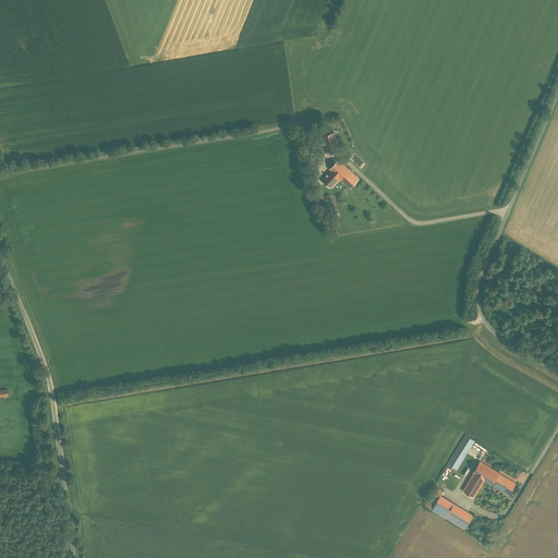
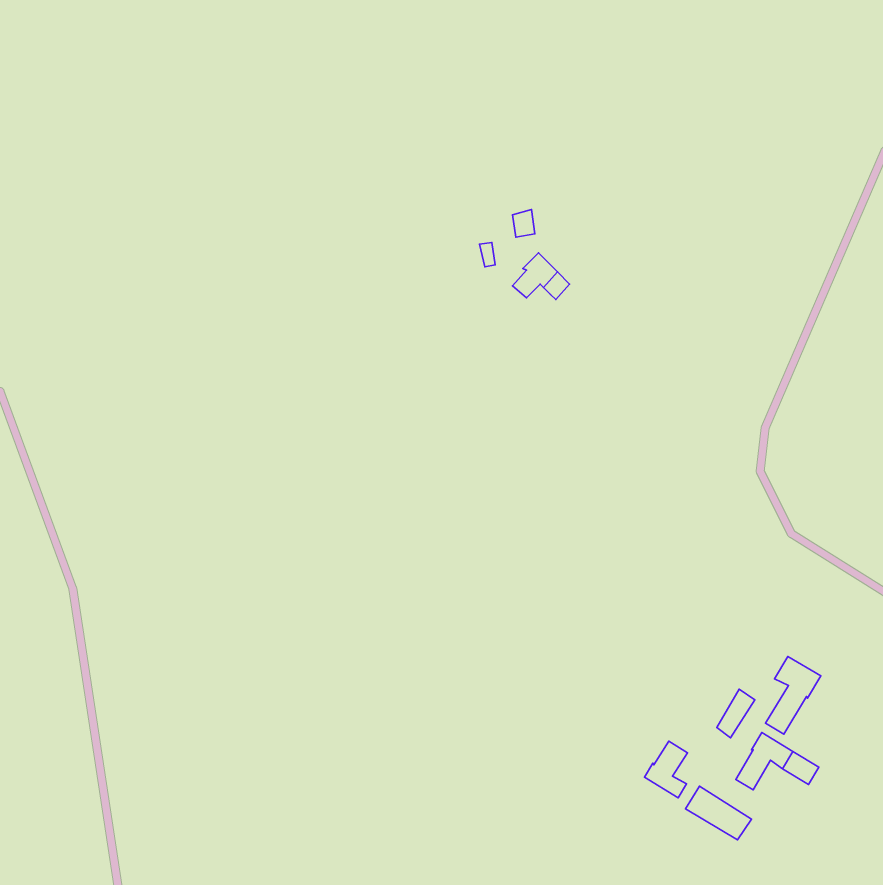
building: none -> [766,656,821,734]
building: none -> [644,741,687,798]

